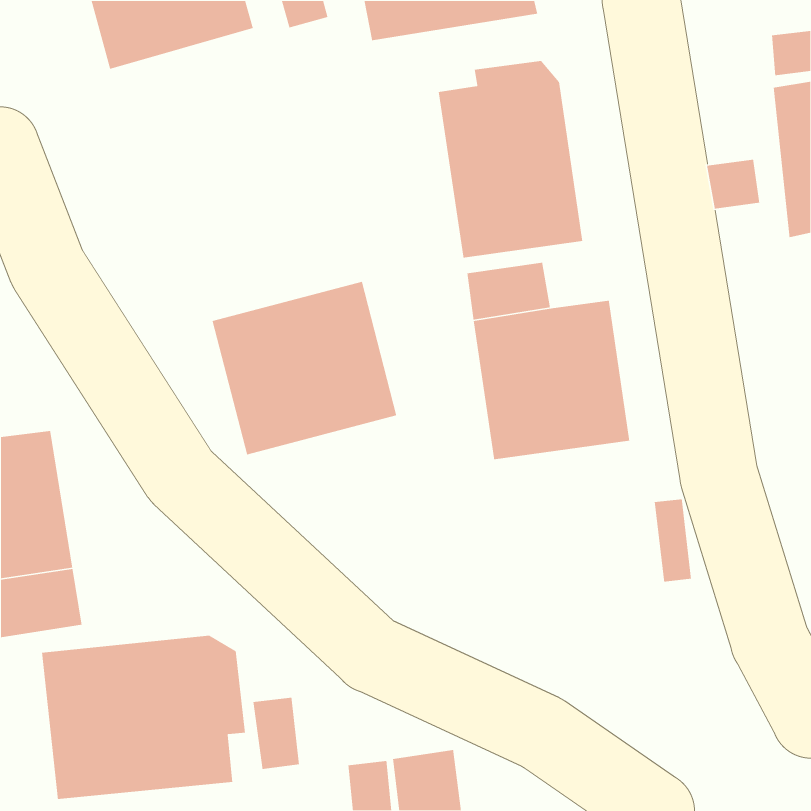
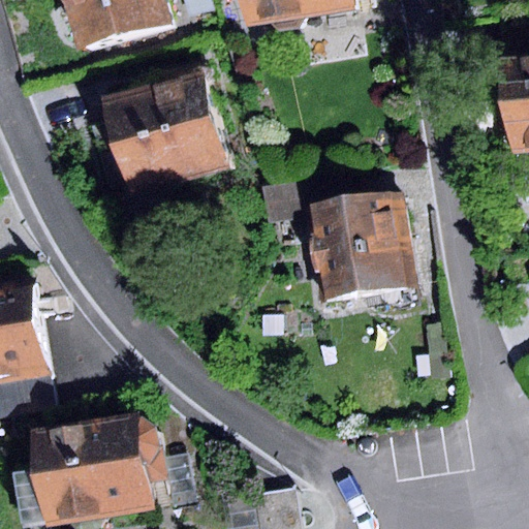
building: [438,60,583,258] -> none
building: [212,281,397,456] -> [105,81,226,194]

